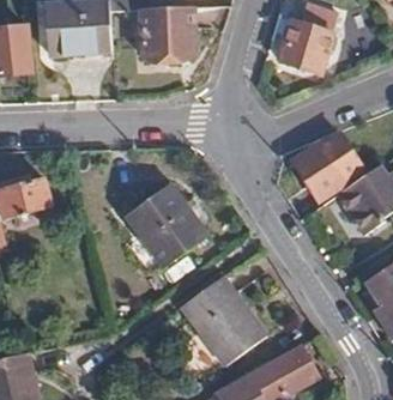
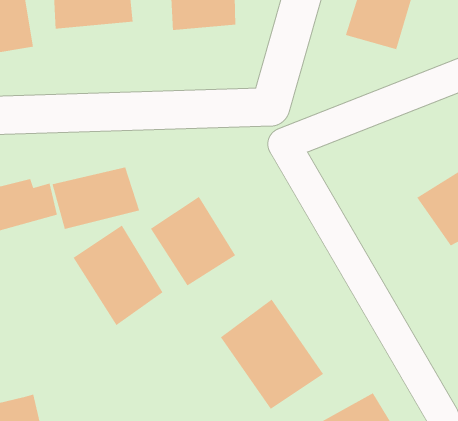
building: [292,132,364,199] -> none
building: none -> [51,167,140,230]
building: none -> [73,224,164,326]

